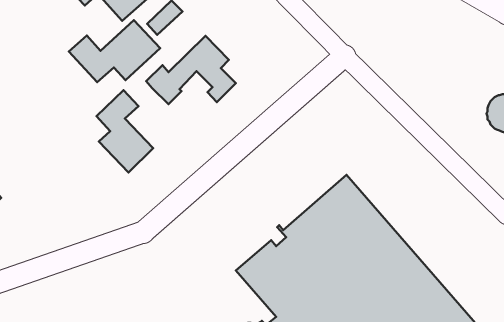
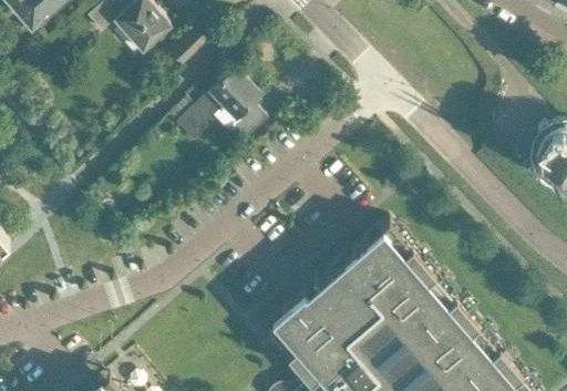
building: [69,20,160,82] -> none
building: [96,90,153,173] -> none

